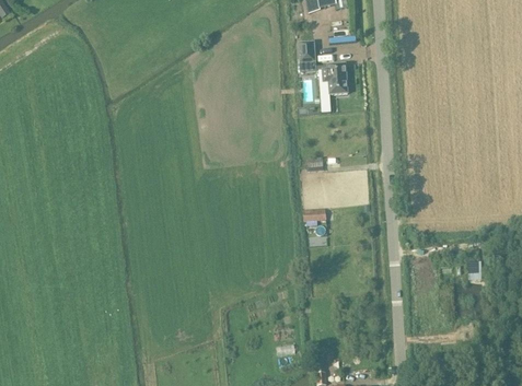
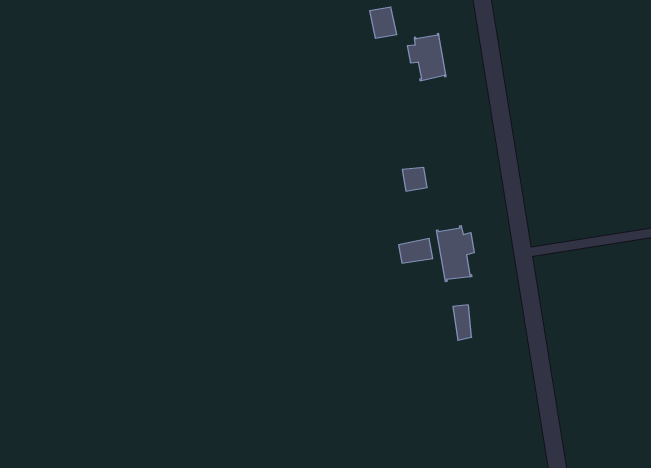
building: none -> [436,226,474,282]

